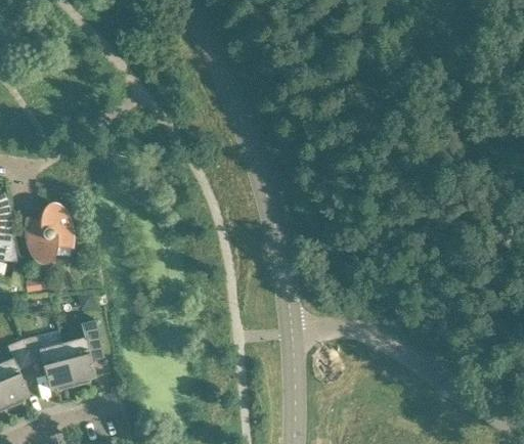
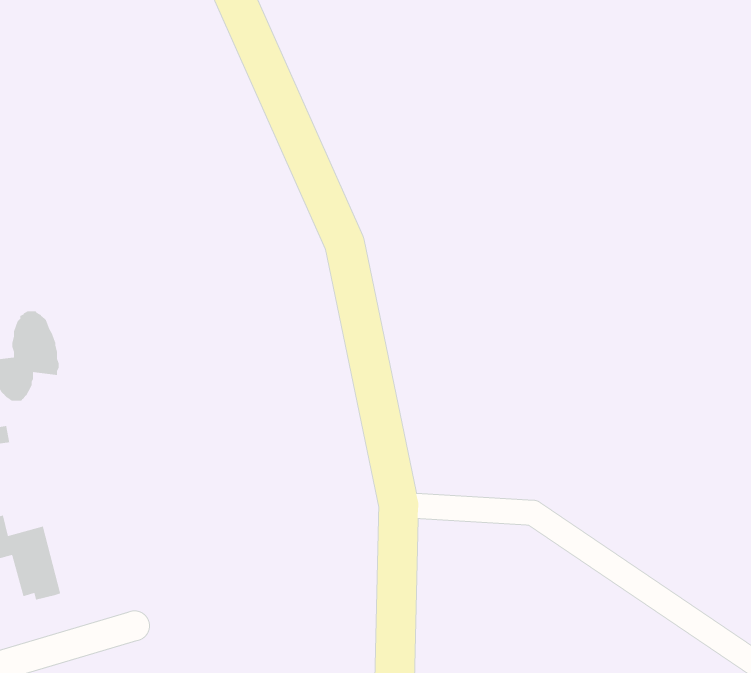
building: [62,319,104,386] -> none

